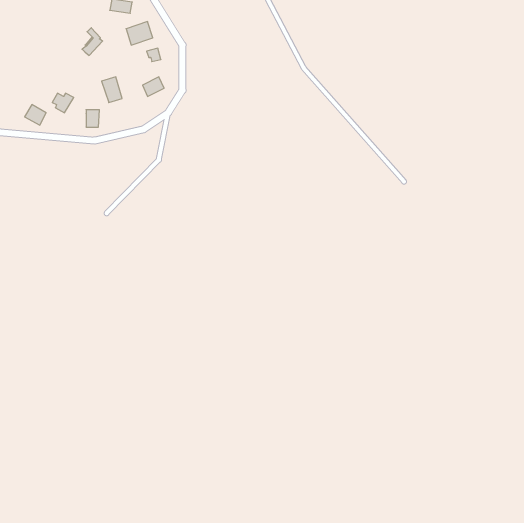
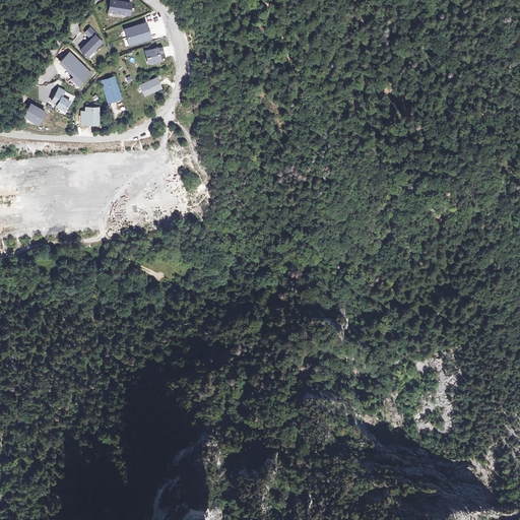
building: none -> [60,52,90,85]

